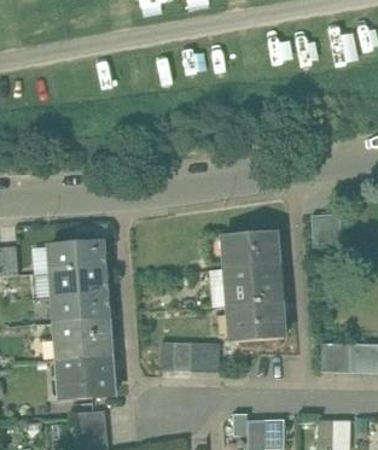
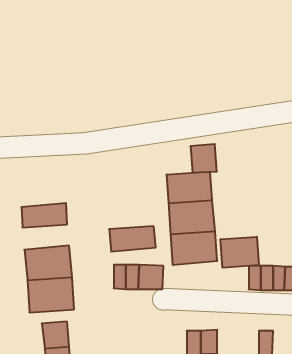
building: [310,212,342,246] -> [190,144,217,172]
building: [48,242,104,273] -> none
building: [52,293,107,323] -> [109,226,156,252]
building: none -> [220,237,259,268]

